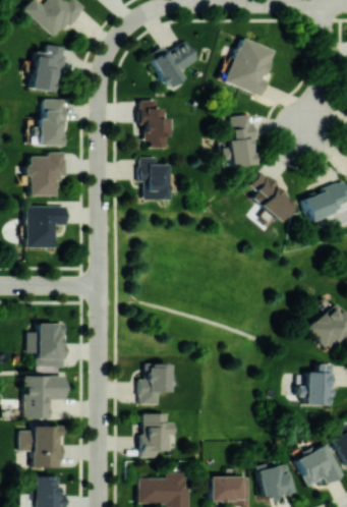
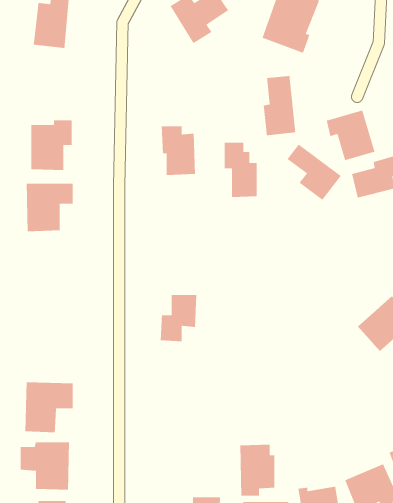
building: [38,99,65,146] -> none
building: [140,101,169,149] -> [224,142,257,198]
building: none -> [326,110,375,161]
building: [38,324,66,368] -> none
building: [139,364,171,405] -> [160,294,197,342]
building: [298,364,333,406] -> none
building: [141,413,172,458] -> [239,444,275,496]

